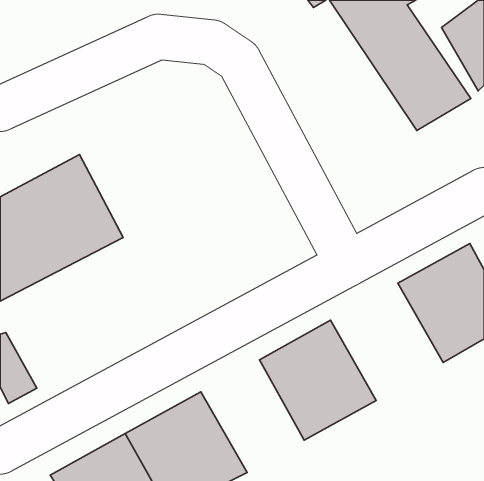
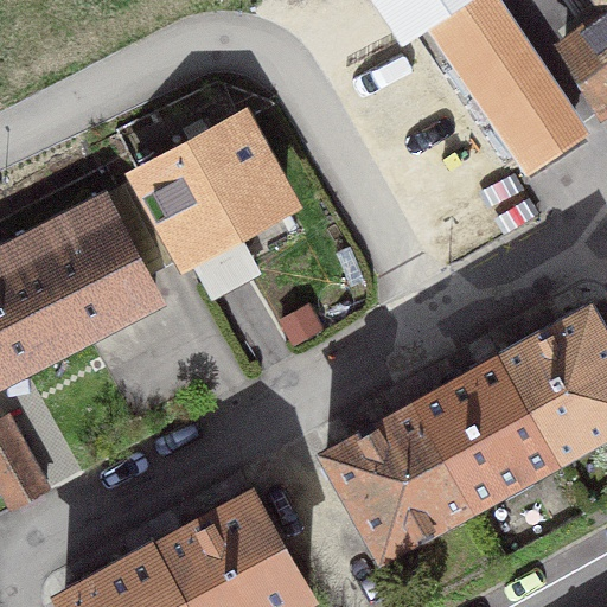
building: none -> [135,107,287,302]
building: none -> [414,358,555,505]

